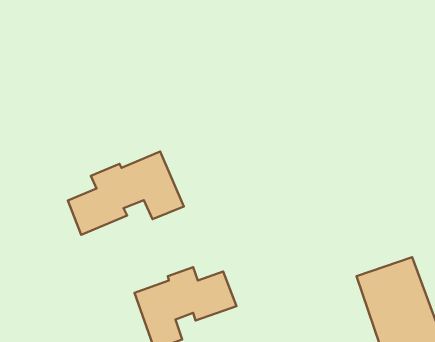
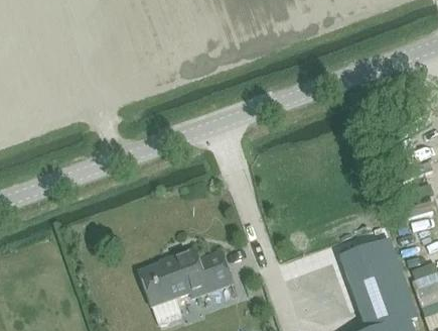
building: [68,152,184,235] -> none

